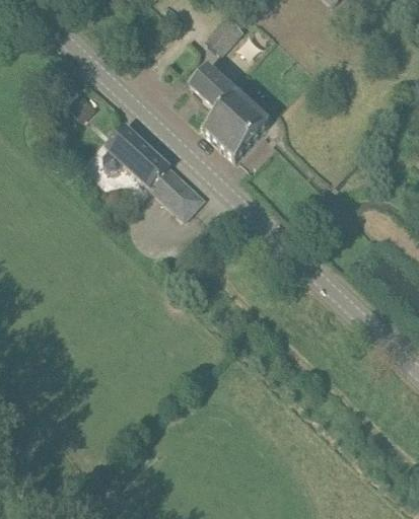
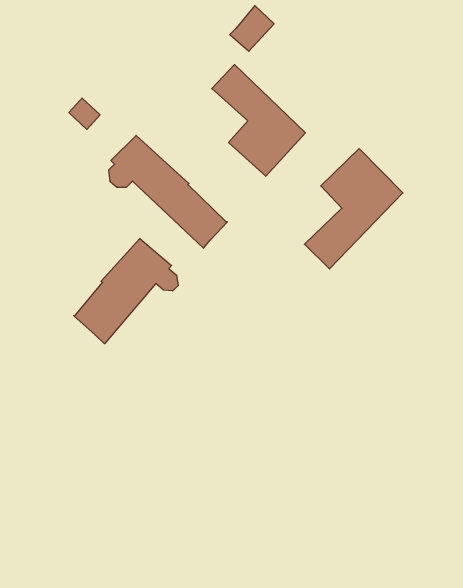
building: none -> [304,149,403,269]
building: none -> [74,238,178,344]

